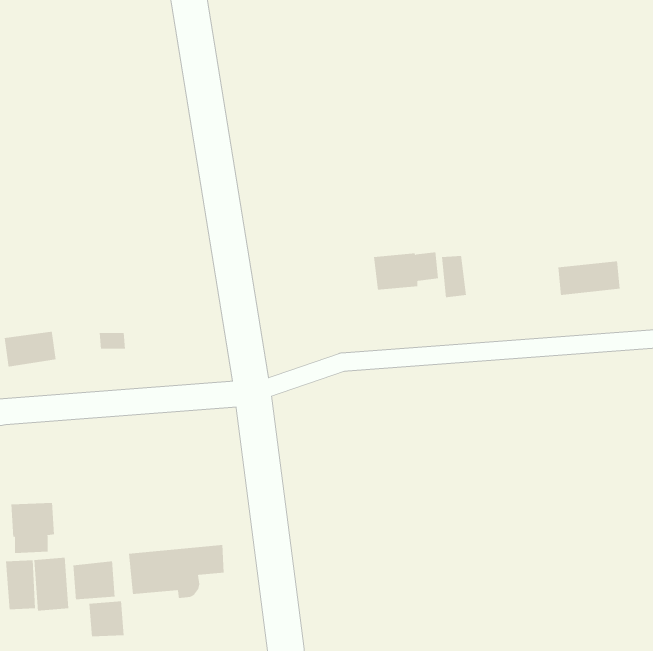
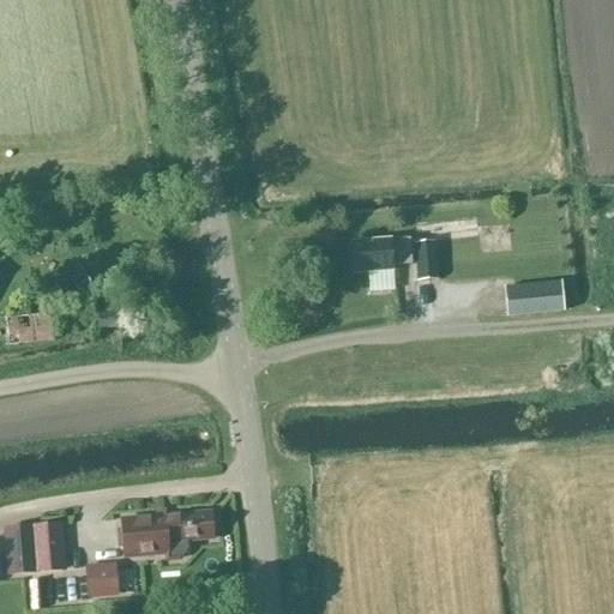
building: [558,261,620,295] -> [506,279,565,312]
building: [11,502,54,554] -> none
building: [73,560,115,600] -> none

